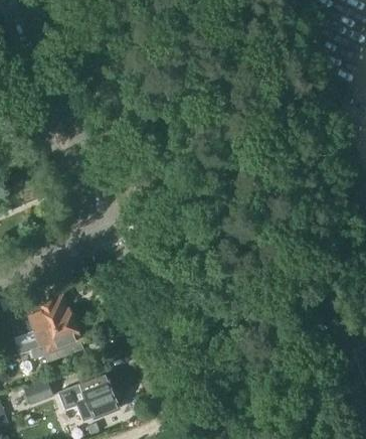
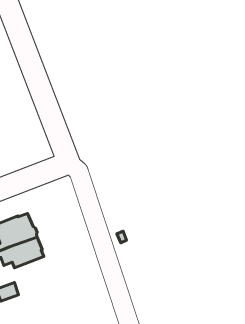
building: [59,375,121,422] -> none

